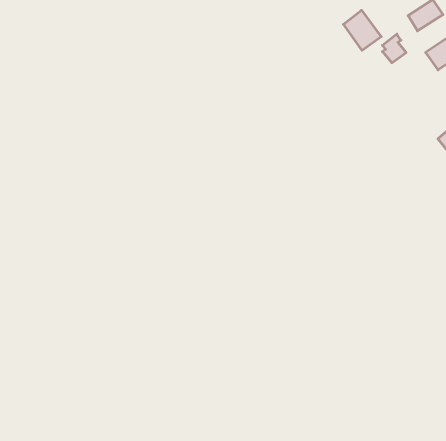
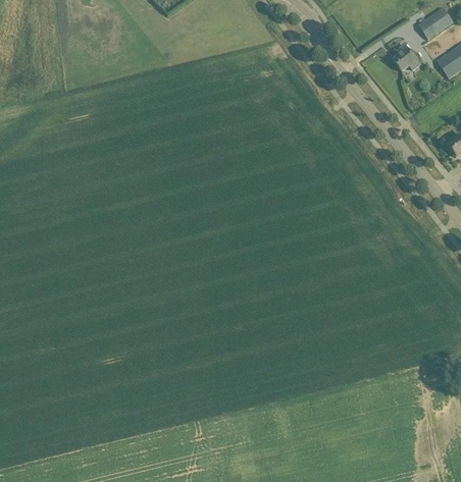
building: [343,10,381,50] -> none

